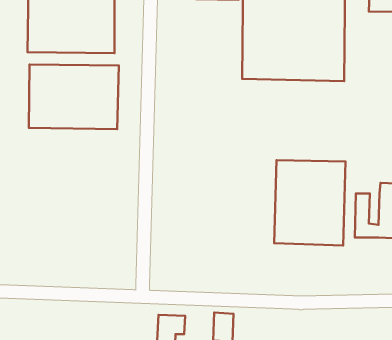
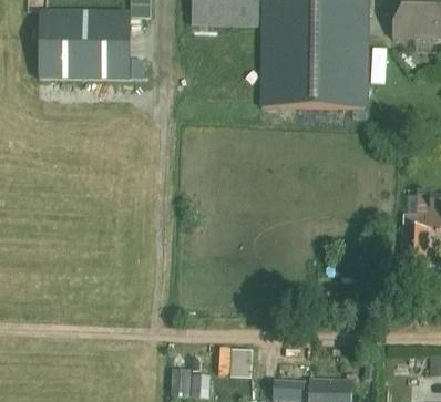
building: [29,65,119,129] -> none
building: [274,160,345,246] -> none

